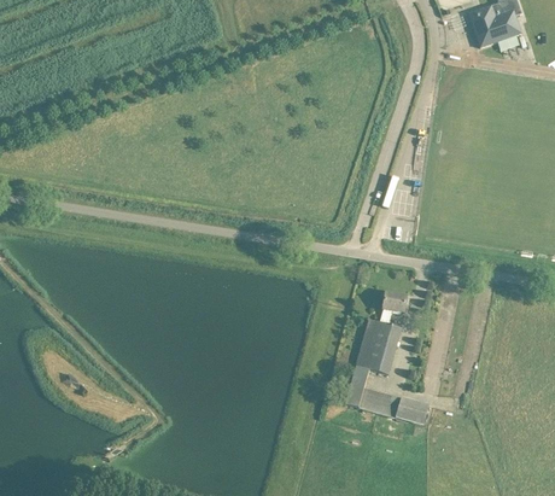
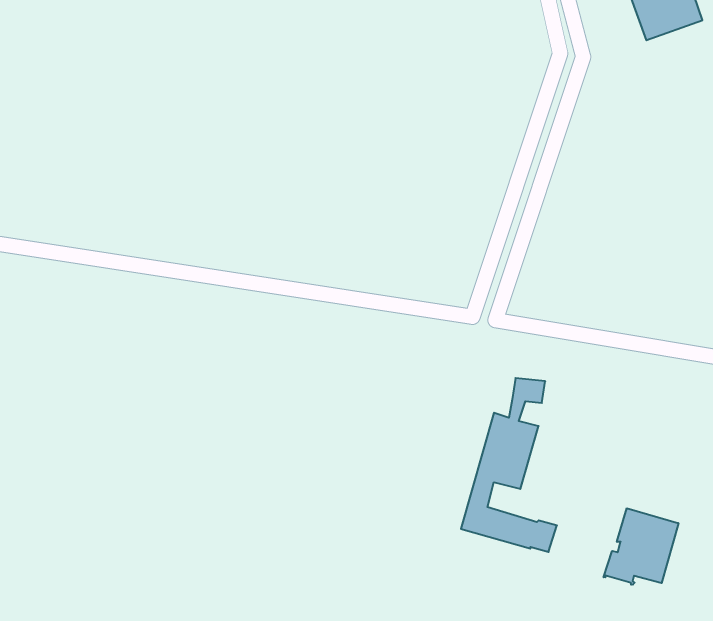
building: none -> [604,508,678,585]

